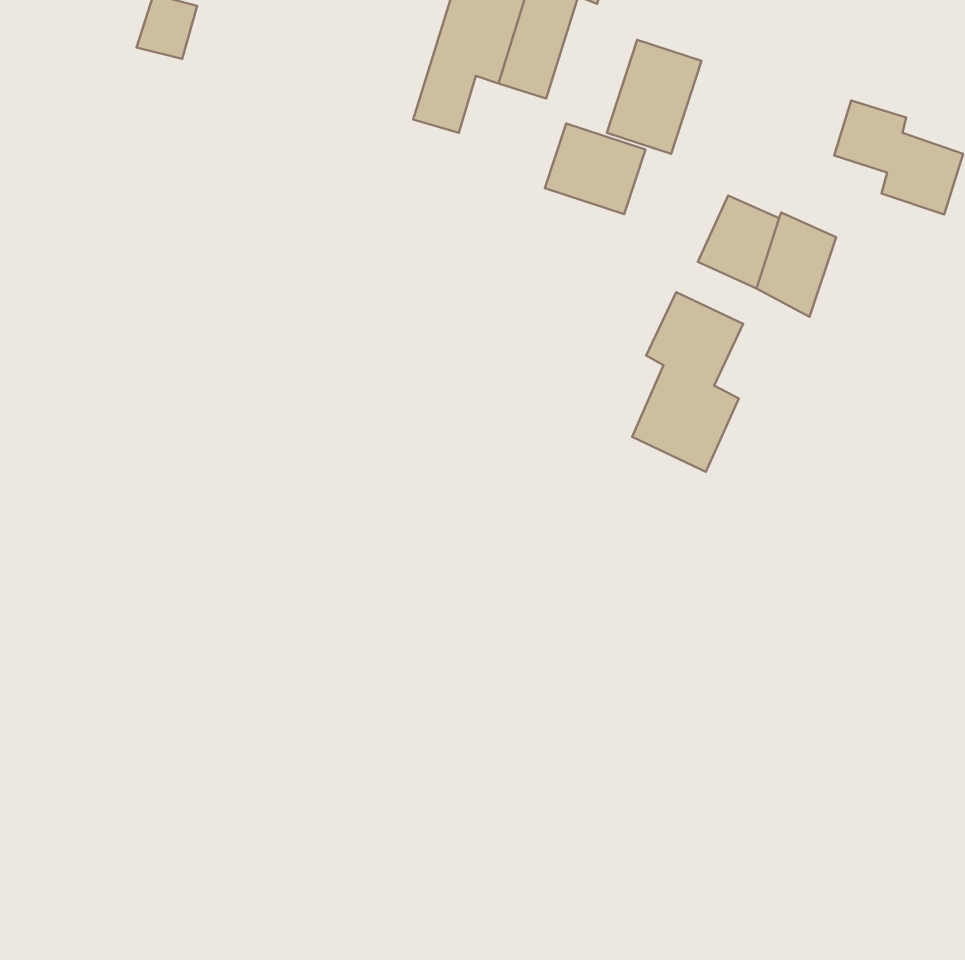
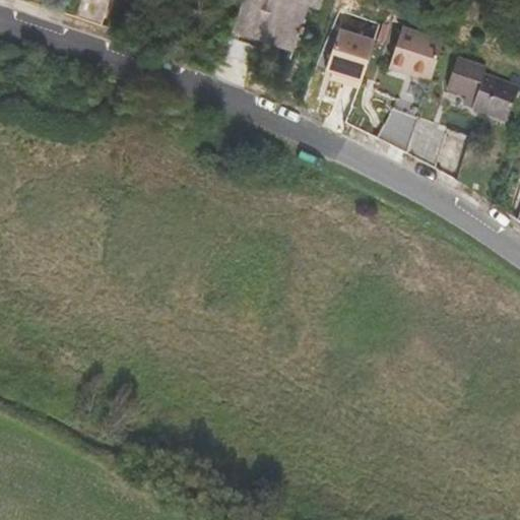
building: none -> [388,23,443,78]
building: [545,123,645,214] -> none
building: [632,292,743,472] -> none

